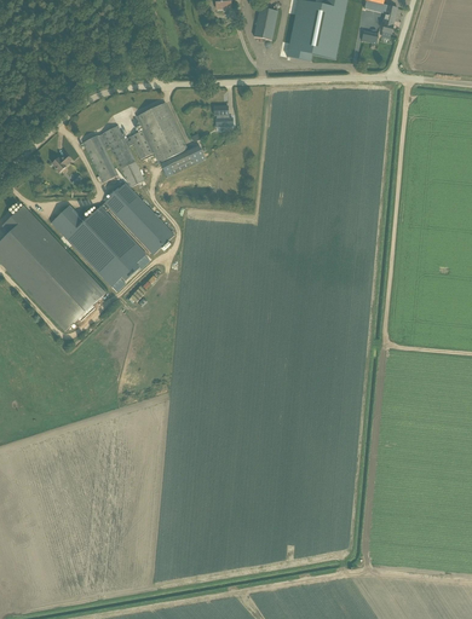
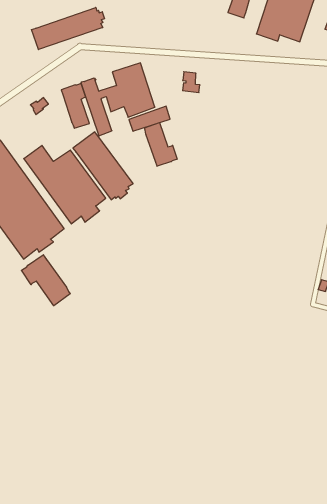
building: none -> [31,7,104,50]
building: none -> [144,123,177,166]
building: none -> [21,255,70,306]

